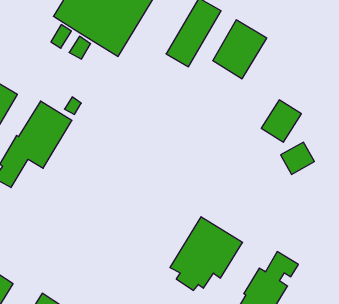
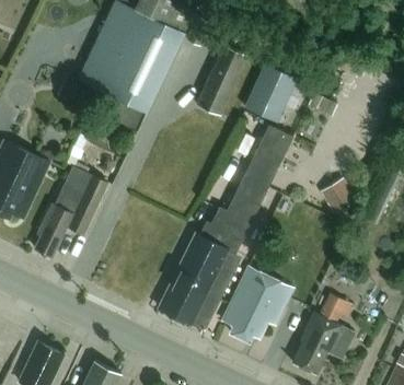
building: [261,100,301,142] -> [254,125,293,167]
building: none -> [159,176,269,324]

